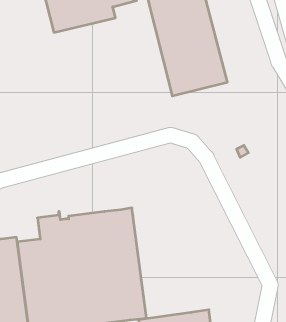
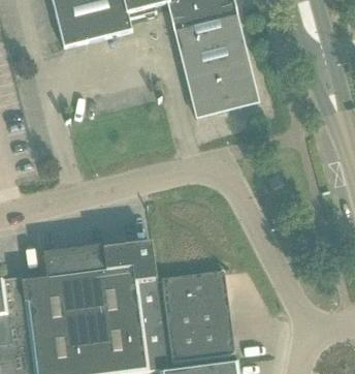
building: none -> [162,270,235,361]

